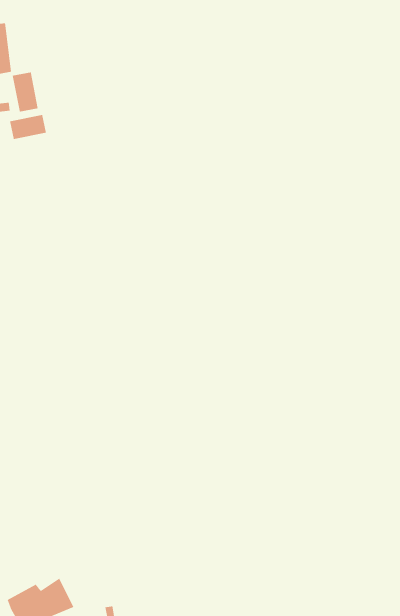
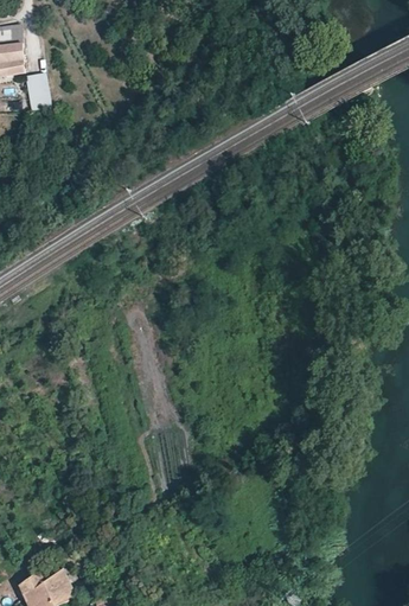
building: [10,114,46,140] -> none

